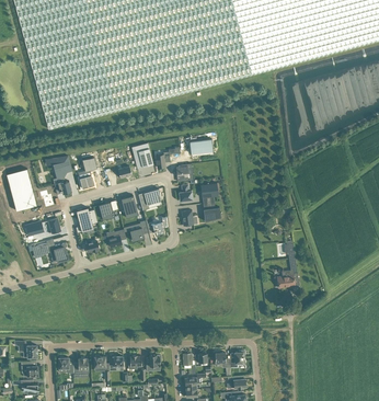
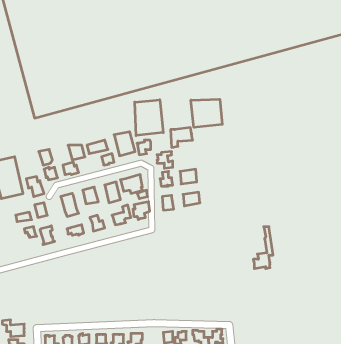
building: none -> [191,99,222,127]
building: none -> [135,100,163,136]

